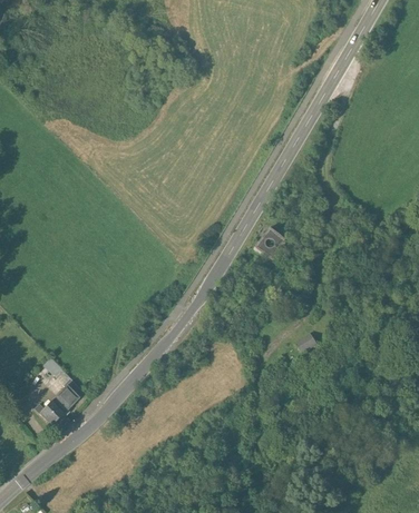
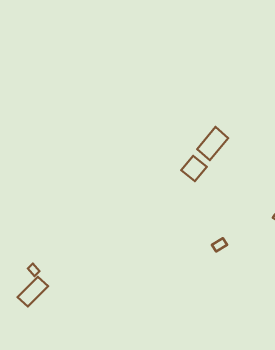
building: none -> [197,127,228,160]

